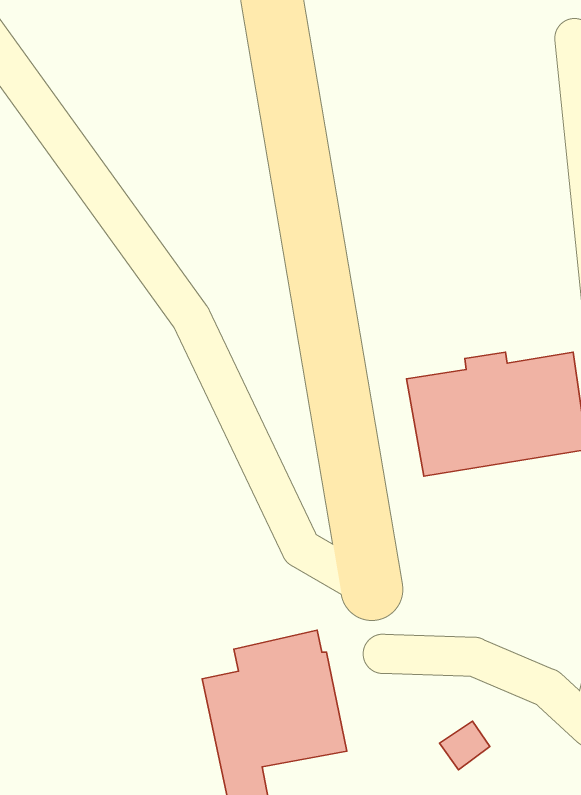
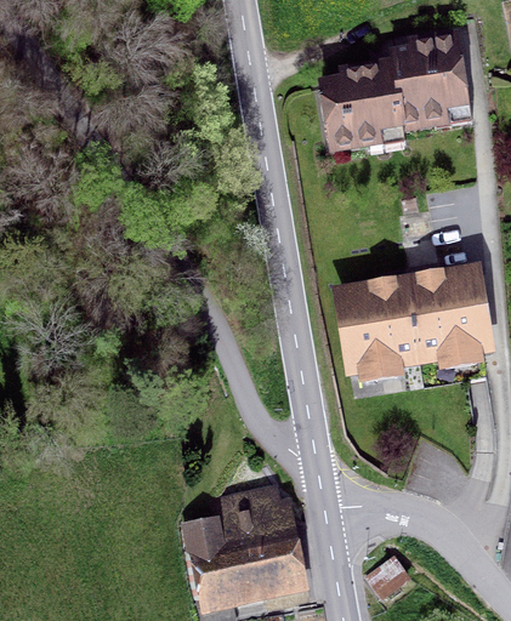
building: none -> [323,40,467,146]

